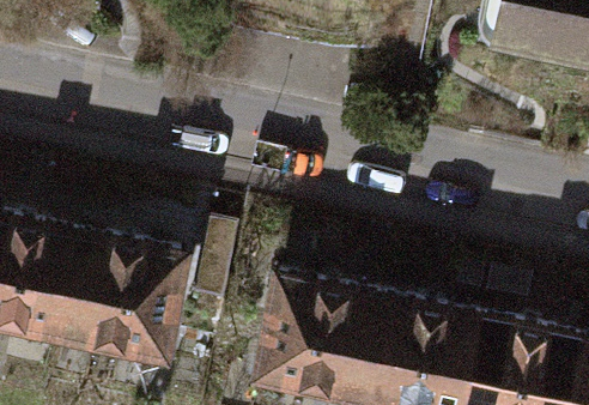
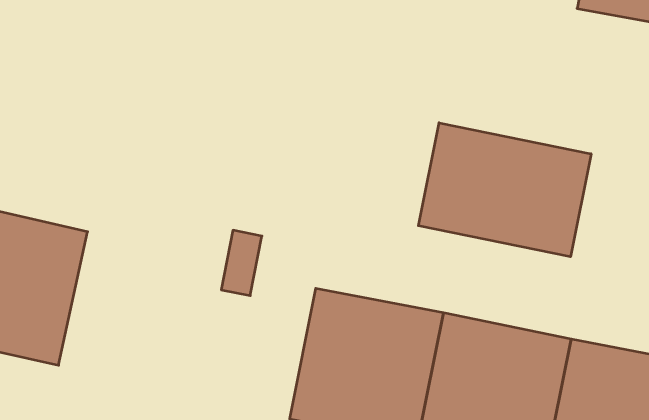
building: none -> [418,123,591,257]
building: [65,225,194,359] -> none

